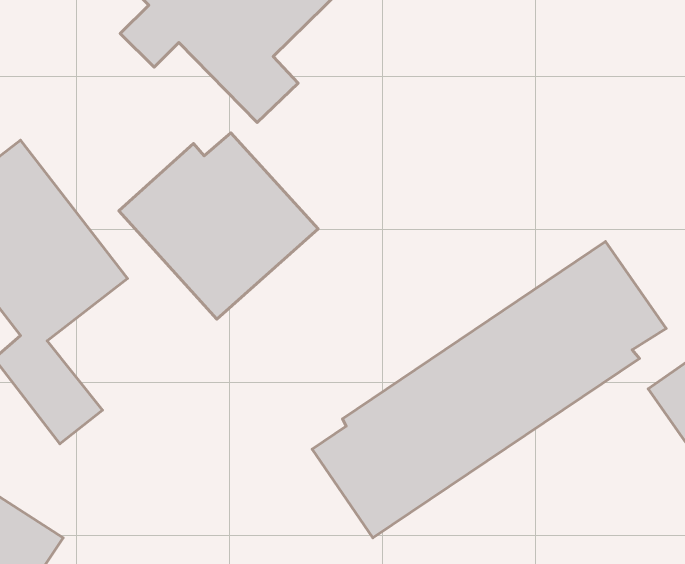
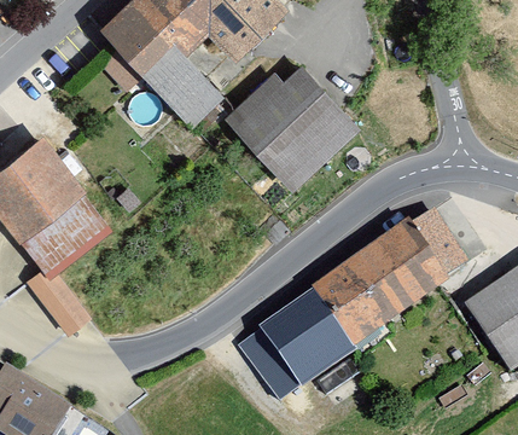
building: [119,133,318,319] -> [223,63,359,190]

